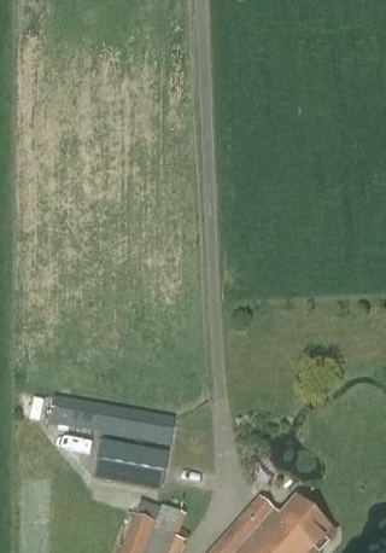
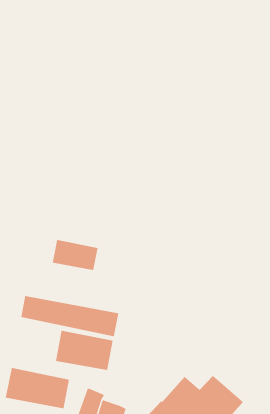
building: none -> [52,239,98,271]
building: none -> [5,367,70,409]

